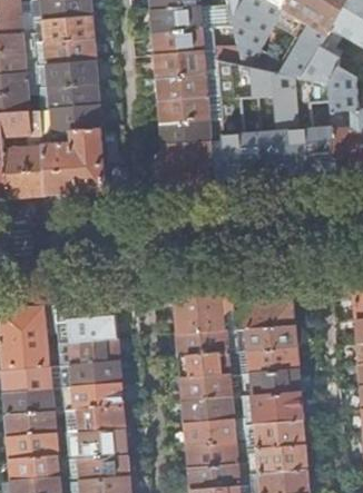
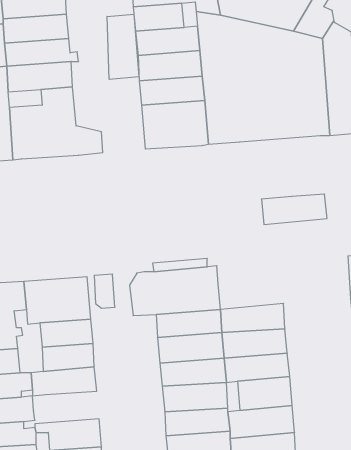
building: none -> [107,14,139,79]
building: [234,304,294,332] -> [261,194,327,225]
building: [65,406,125,436] -> none

